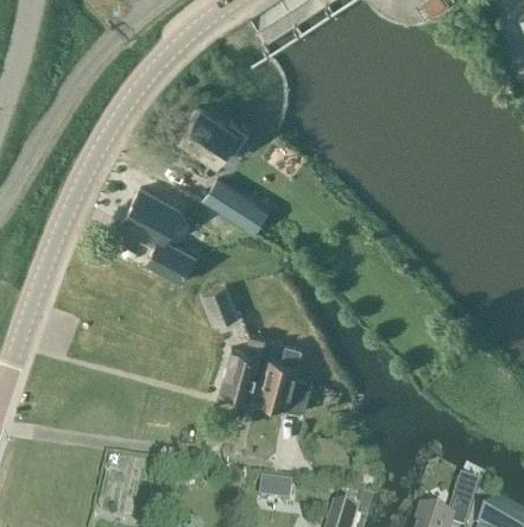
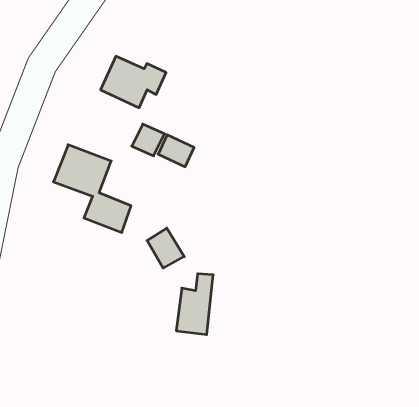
building: [255,347,311,413] -> none

